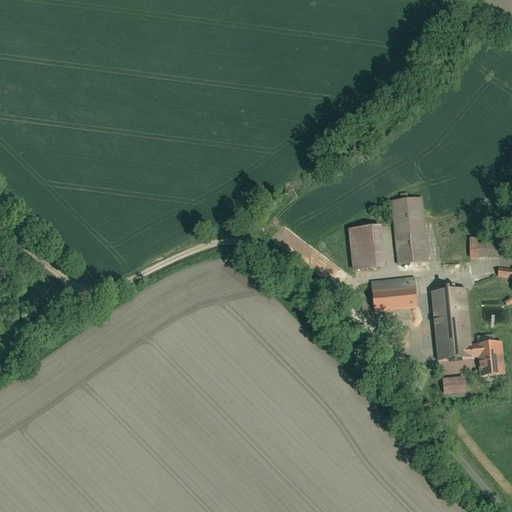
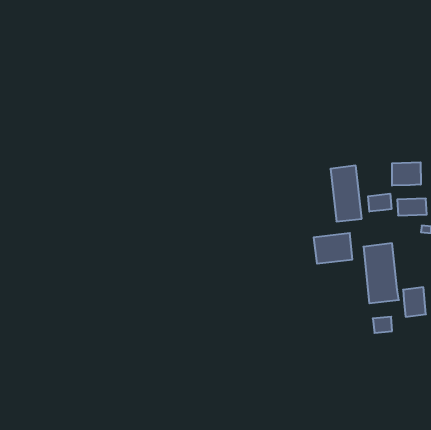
building: none -> [392,162,421,186]
building: [349,225,383,269] -> none
building: none -> [368,194,391,212]

